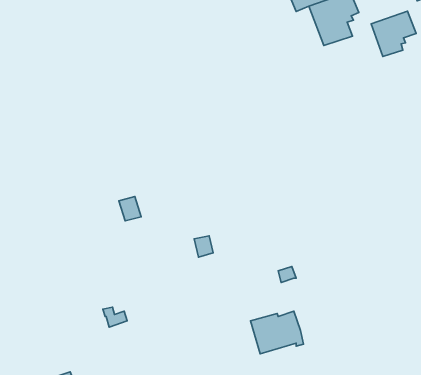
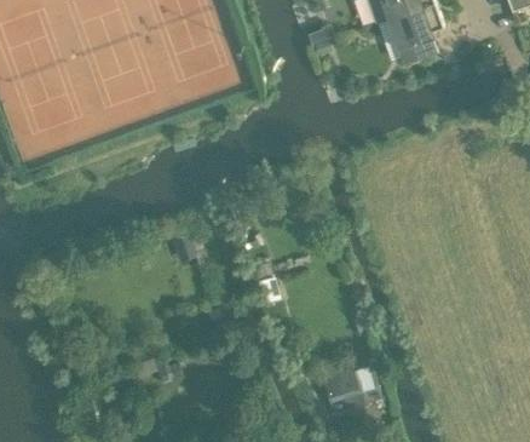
building: [371,11,416,56] -> none

